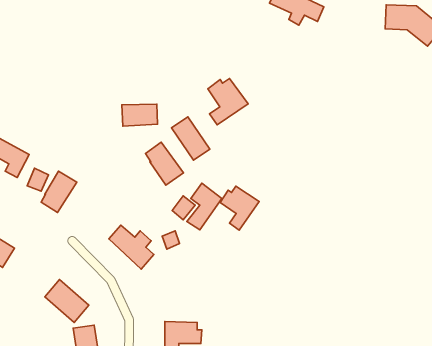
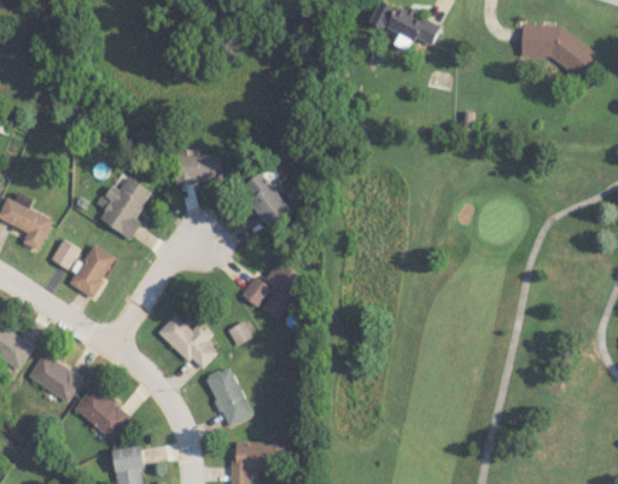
building: [208,78,248,125] -> none
building: none -> [99,171,152,240]
building: [145,142,183,185] -> none
building: [220,186,259,230] -> none
building: none -> [27,352,82,403]
building: none -> [204,366,253,427]

